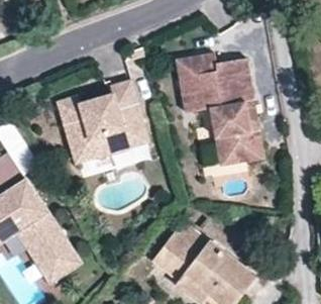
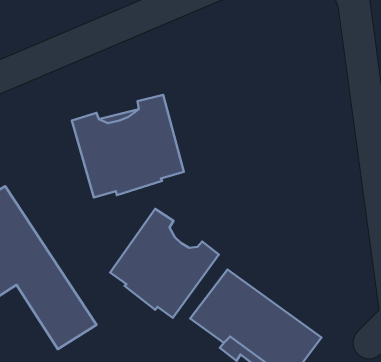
building: [175,53,263,165] -> none
building: none -> [110,209,219,318]

